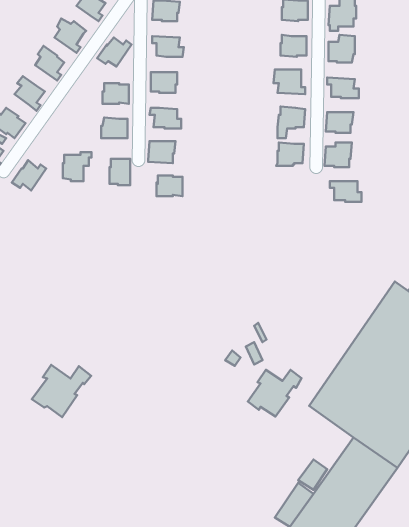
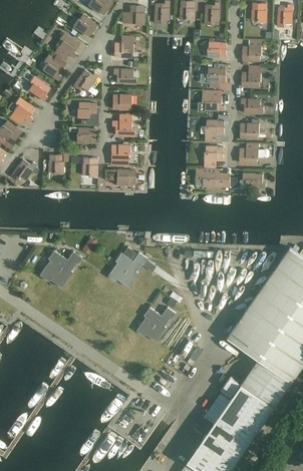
building: none -> [195,170,228,188]
building: none -> [107,252,146,287]
building: [32,365,91,417] -> [38,250,81,288]
building: [248,370,302,417] -> [135,307,175,341]

